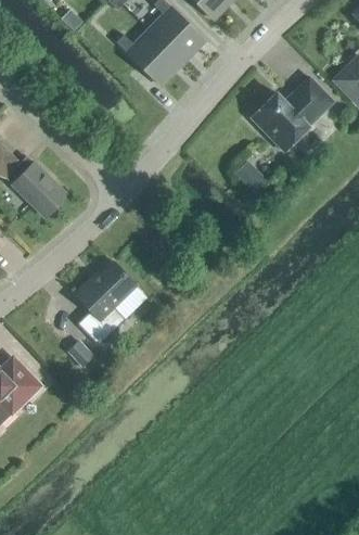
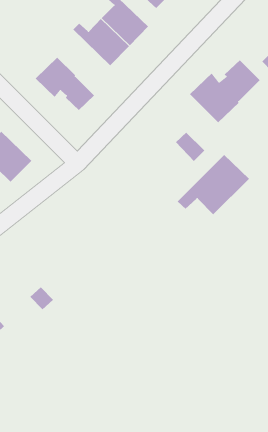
building: none -> [35,57,95,111]
building: none -> [177,154,250,215]
building: [74,260,137,345] -> none

